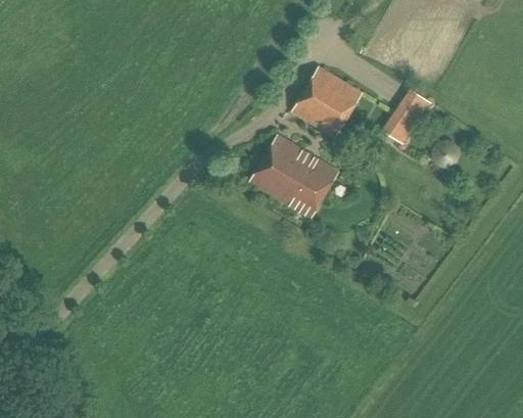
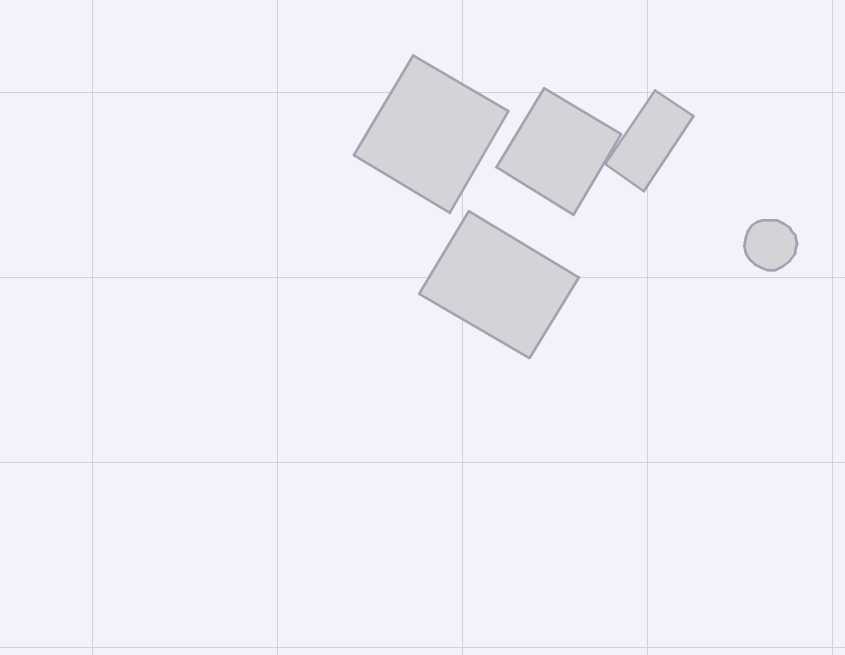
building: none -> [354,55,508,213]
building: [382,88,431,144] -> [605,90,693,191]

